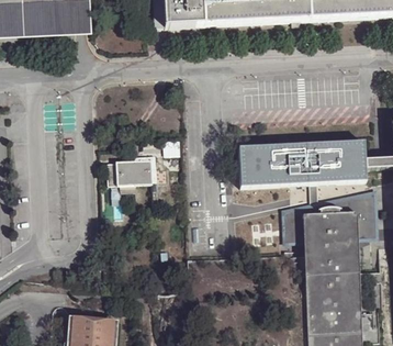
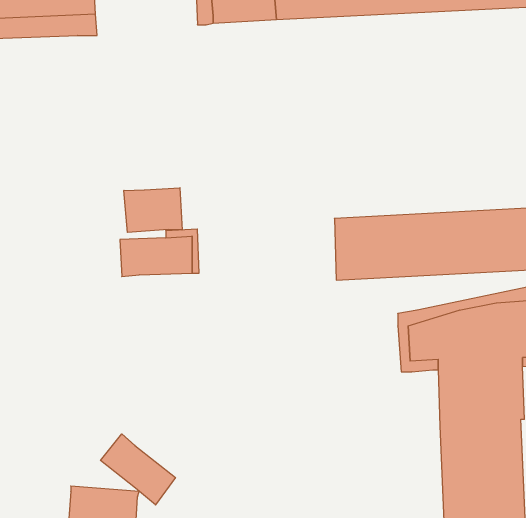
building: none -> [124,188,182,232]
building: none -> [101,434,175,505]

